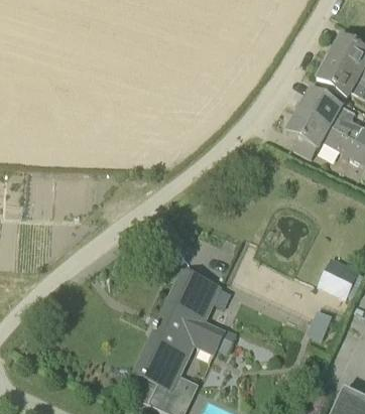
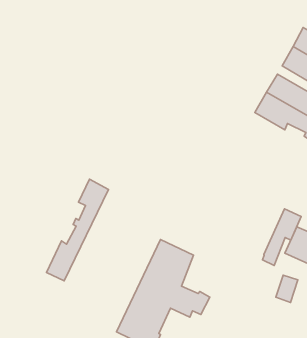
building: none -> [46,179,108,281]
building: none -> [263,209,301,265]

